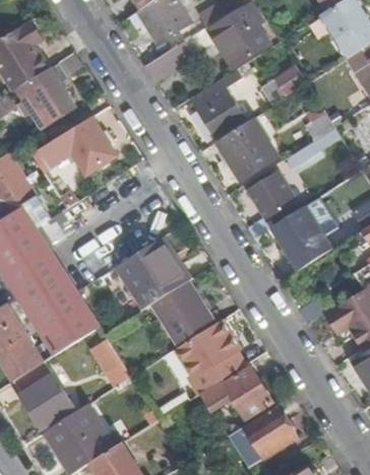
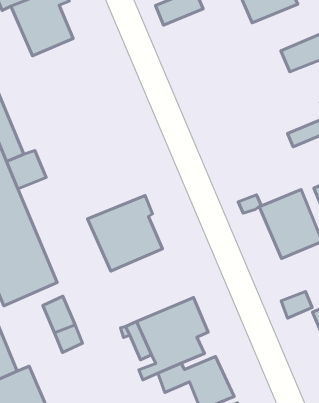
building: [189,68,241,135] -> none
building: [41,116,115,175] -> none
building: [198,119,274,177] -> none
building: [248,174,293,218] -> none
building: [151,280,214,345] -> none

